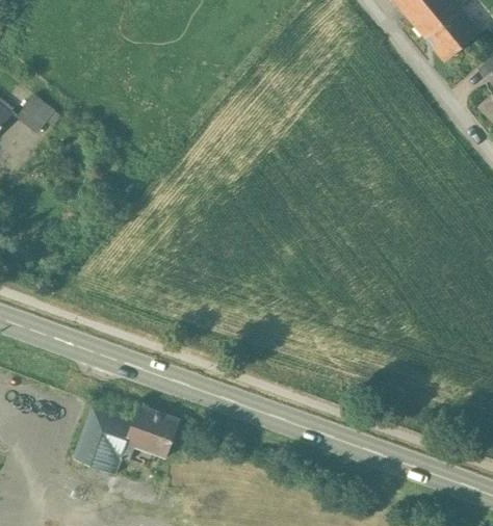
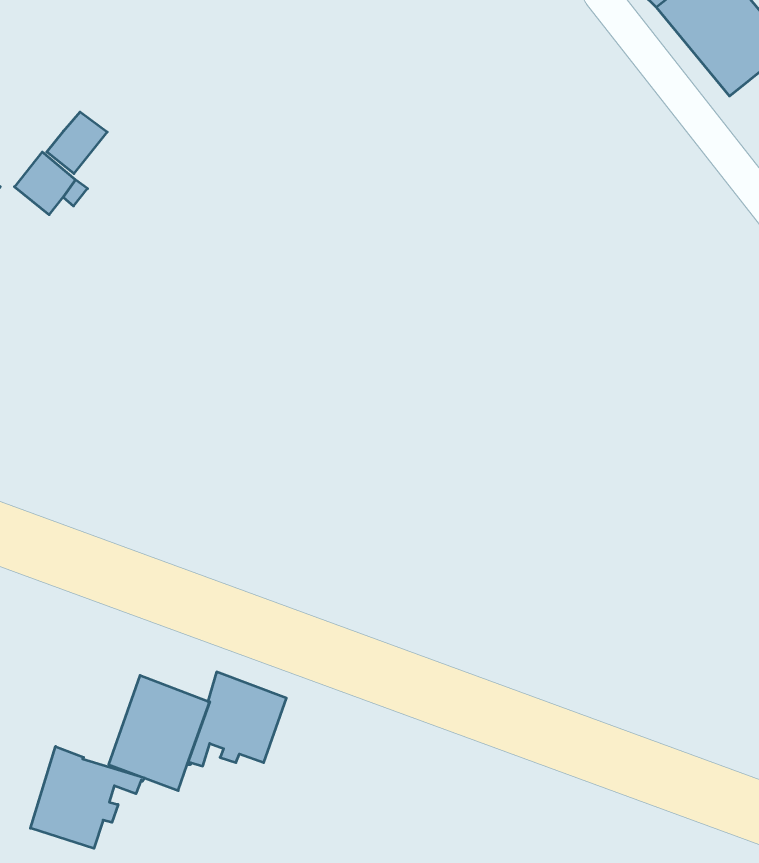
building: none -> [47,112,107,174]
building: none -> [30,746,145,848]

